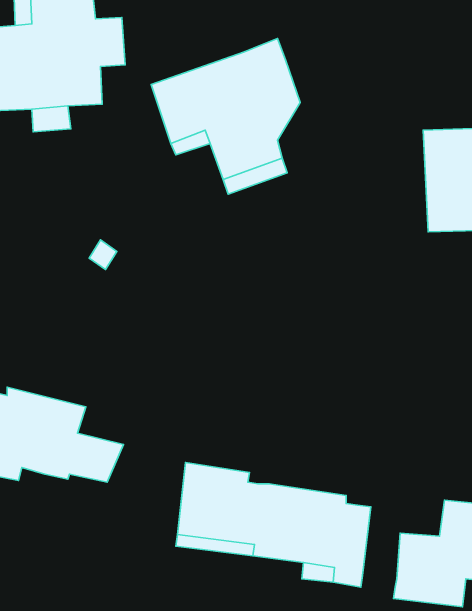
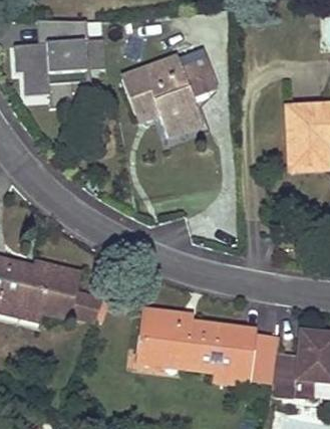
building: none -> [251,335,276,380]

